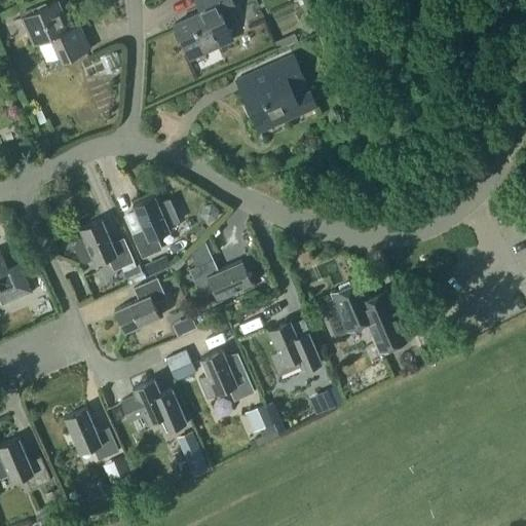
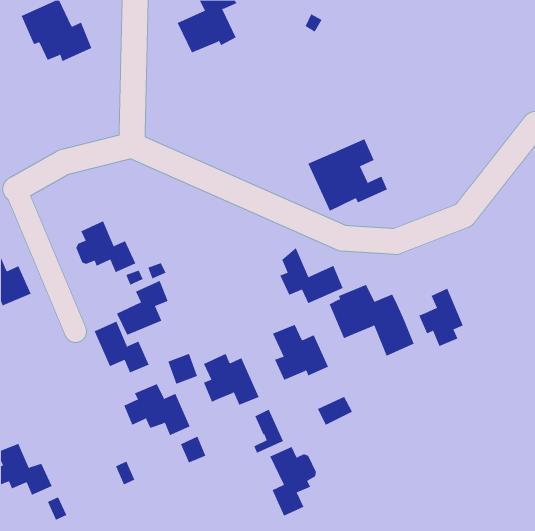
building: [236,57,315,128] -> [307,138,388,212]
building: [132,197,180,259] -> none
building: [189,243,252,299] -> [280,247,343,304]
building: none -> [419,288,464,347]
building: [64,409,118,460] -> [94,321,149,373]
building: none -> [269,446,316,516]

